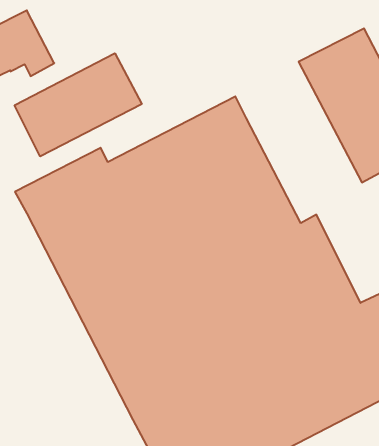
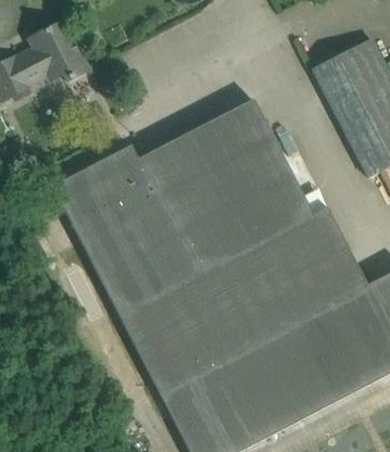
building: [15,53,142,156] -> none

